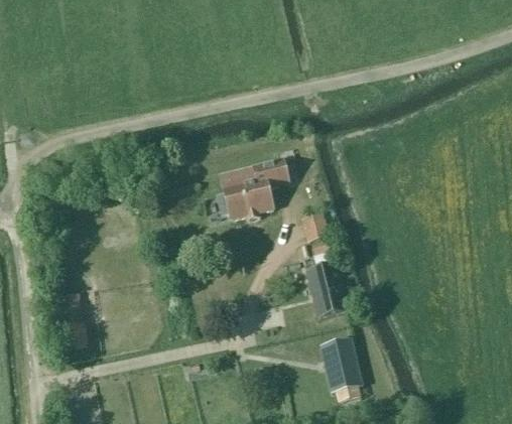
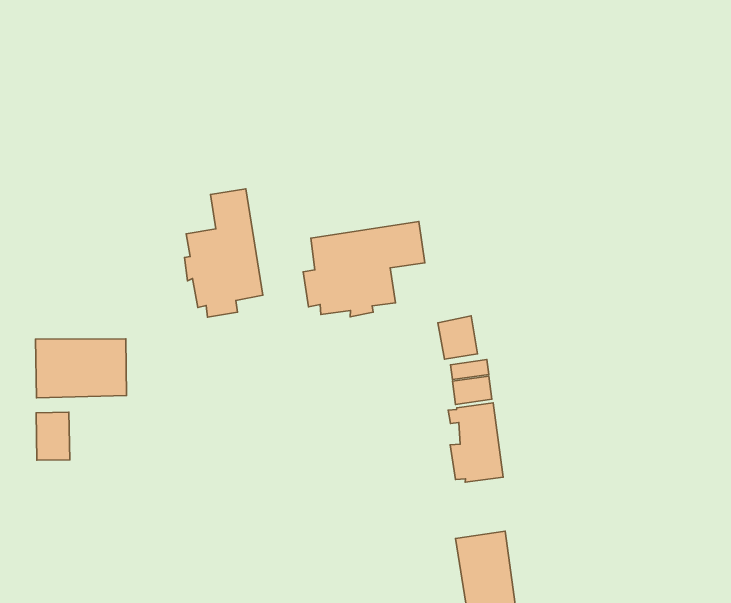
building: none -> [185,189,263,317]
building: none -> [35,339,126,398]

